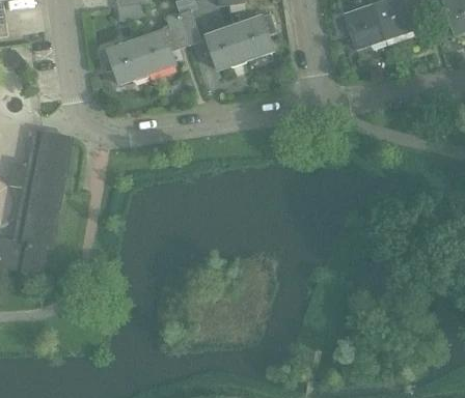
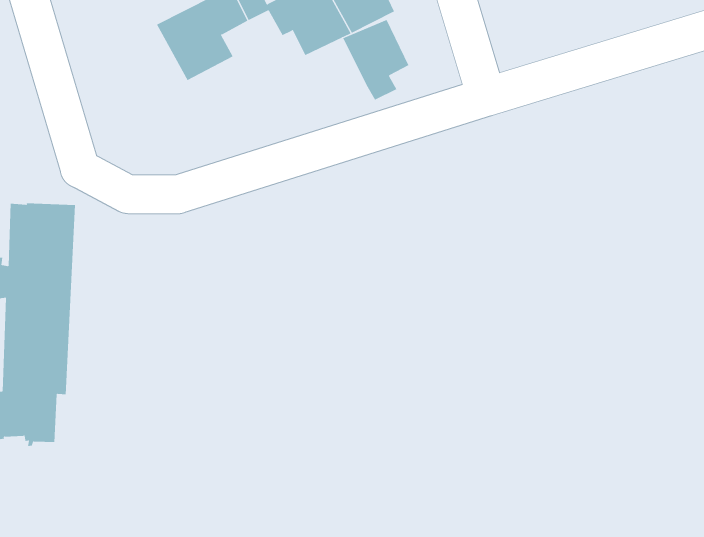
building: [99,38,146,84] -> none
building: none -> [342,19,409,101]

